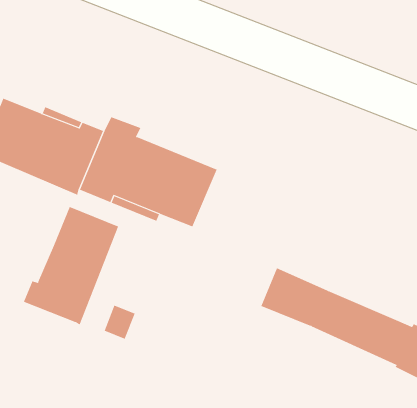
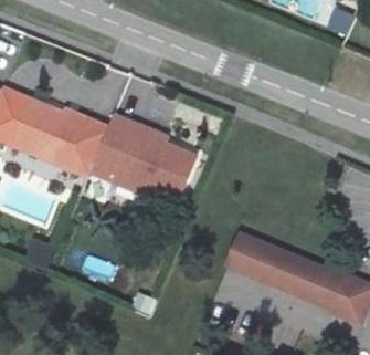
building: [23,206,119,326] -> none

